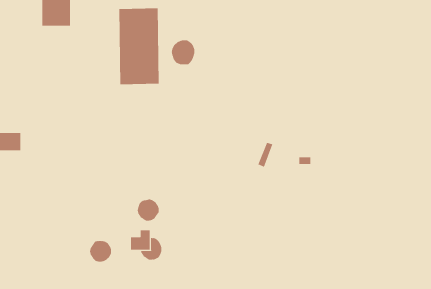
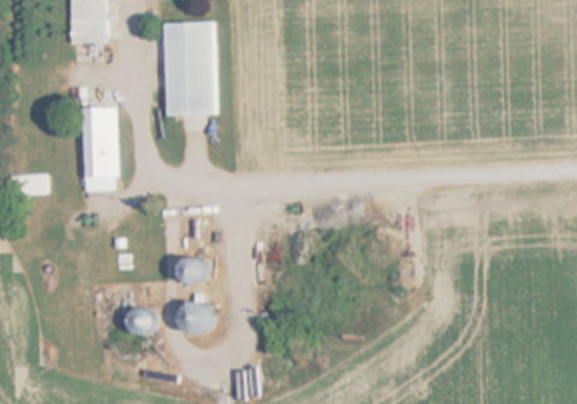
building: [171,39,195,65] -> none
building: none -> [75,106,112,191]

